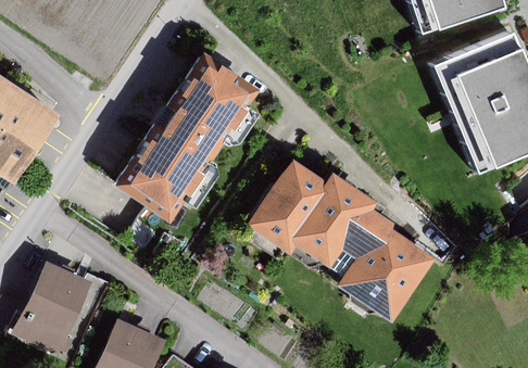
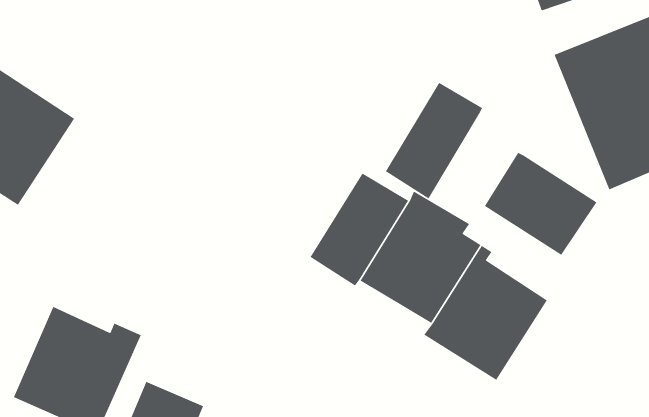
building: [110,48,257,218] -> none
building: none -> [385,82,483,200]
building: none -> [484,152,597,256]

